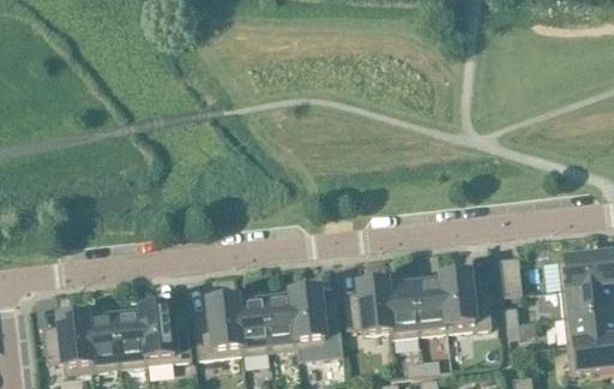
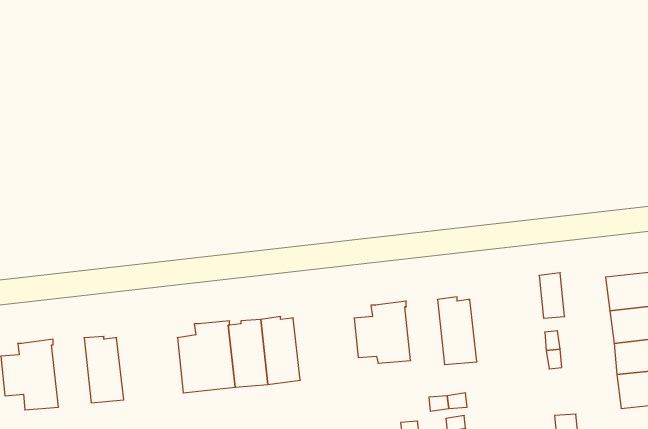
building: [439,270,490,330] -> none
building: [385,277,419,336] -> none
building: [289,286,338,346] -> none
building: [139,303,191,363] -> none
building: [85,310,119,369] -> none

